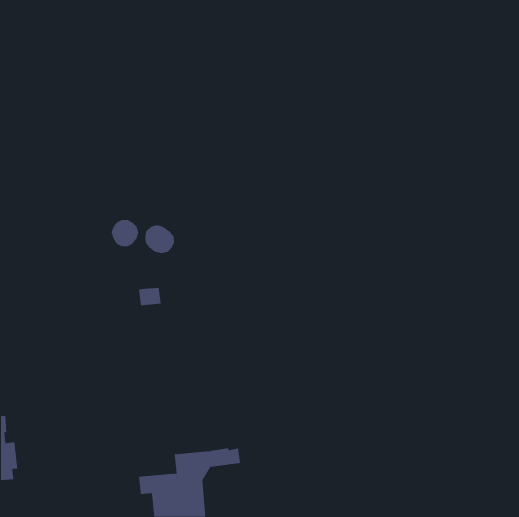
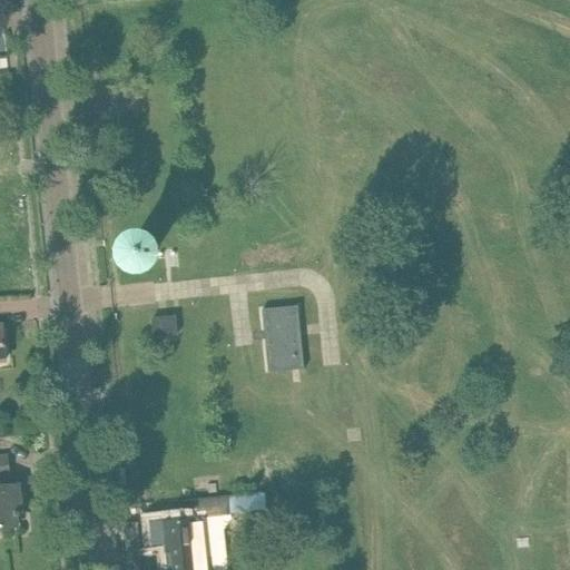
building: [145,225,174,254] -> none
building: none -> [262,304,304,371]

